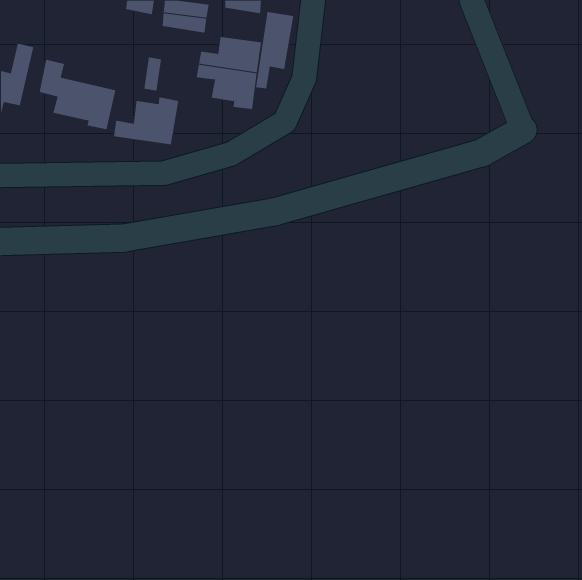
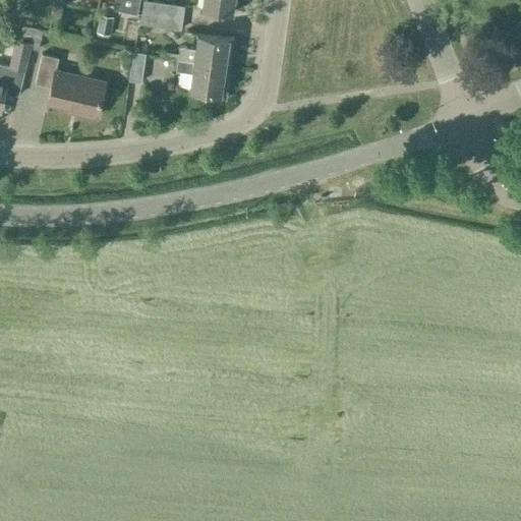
building: [256,11,294,89] -> none
building: [114,96,179,145] -> none

